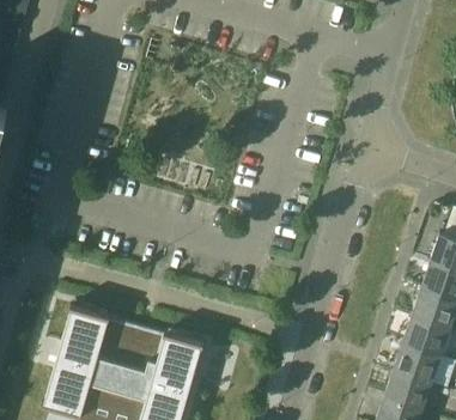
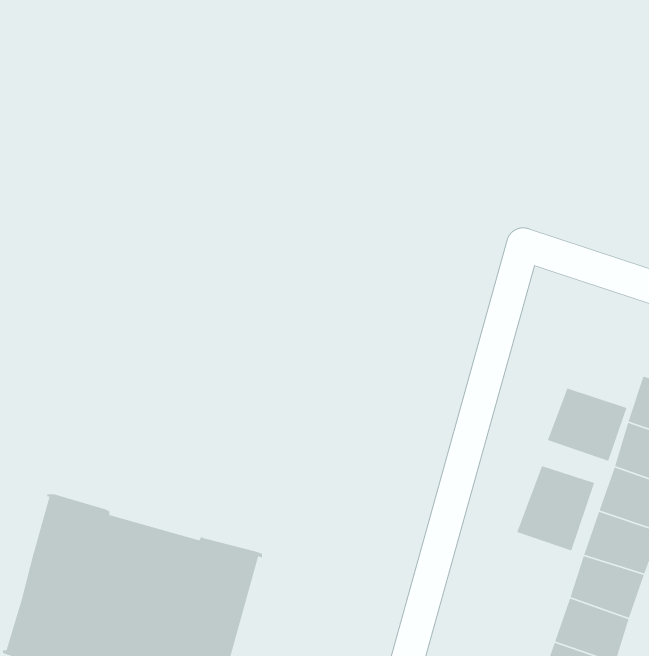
building: none -> [547,387,627,462]
building: none -> [516,465,595,551]

